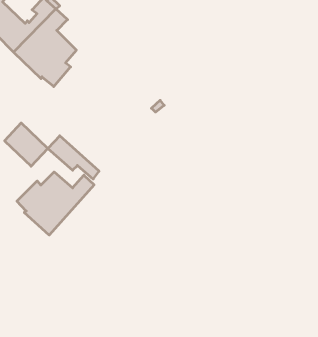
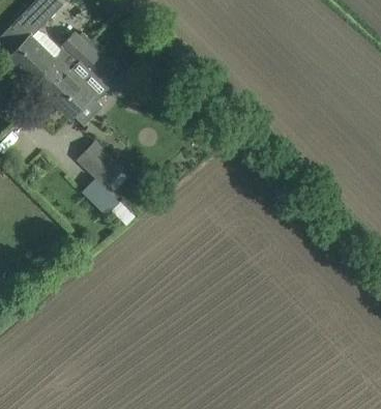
building: [5,123,48,166] -> [78,141,123,186]
building: [17,172,94,235] -> none

